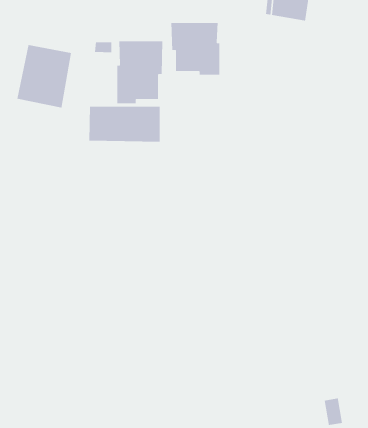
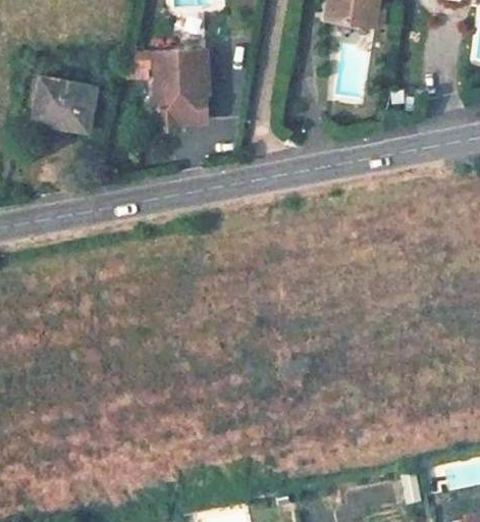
building: [171,22,220,76] -> none
building: [89,106,160,143] -> none

